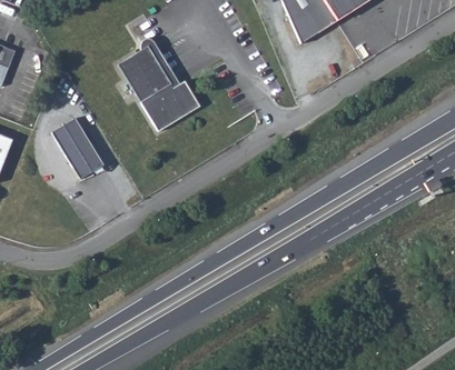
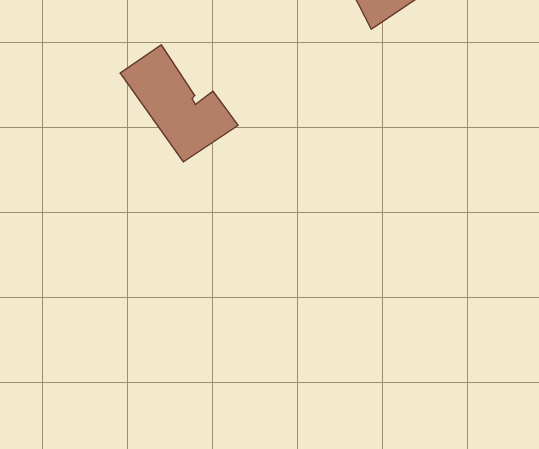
building: [52,118,105,179] -> none

